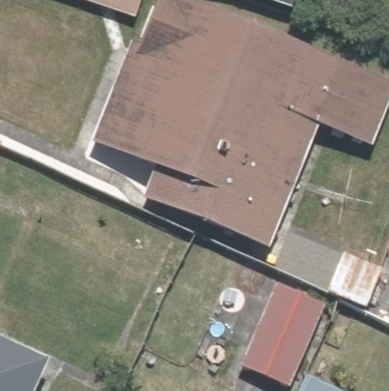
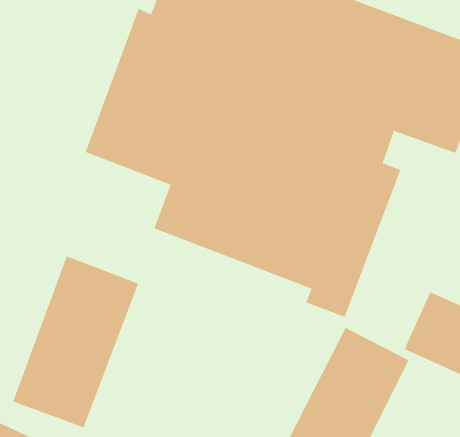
building: none -> [12,256,139,428]

